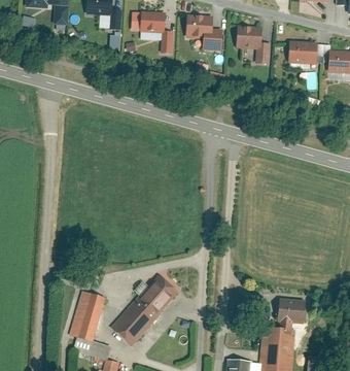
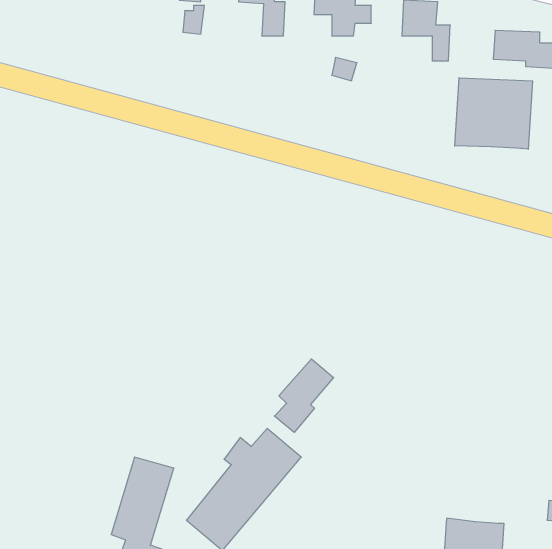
building: none -> [455,78,533,149]
building: none -> [274,359,334,432]
building: [277,298,306,329] -> none

